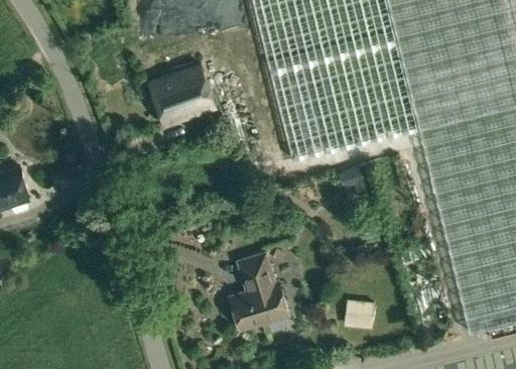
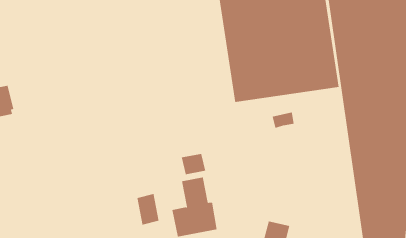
building: [149,65,216,126] -> none
building: none -> [181,153,206,175]
building: none -> [137,193,159,226]

